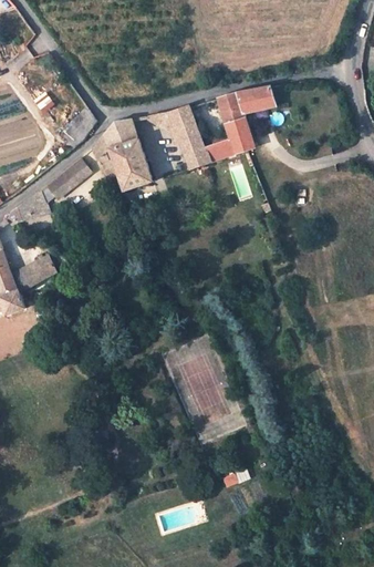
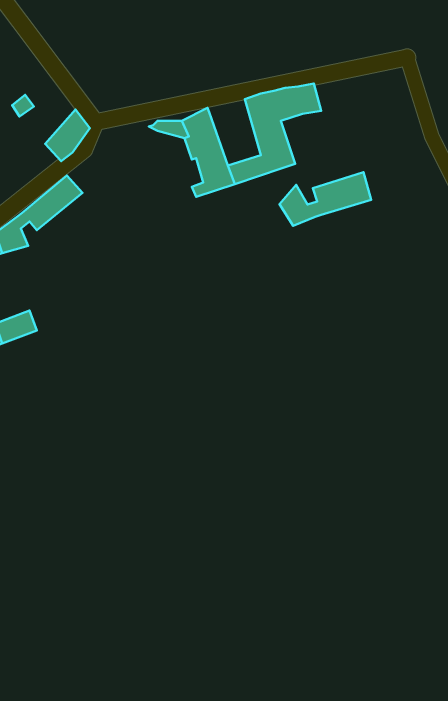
building: [90,117,152,192] -> none
building: none -> [279,172,371,226]

